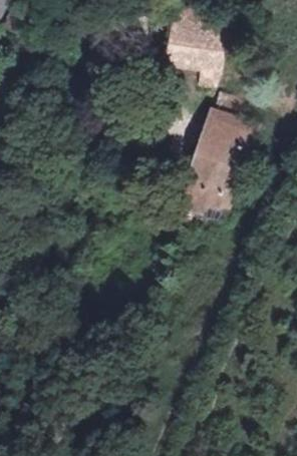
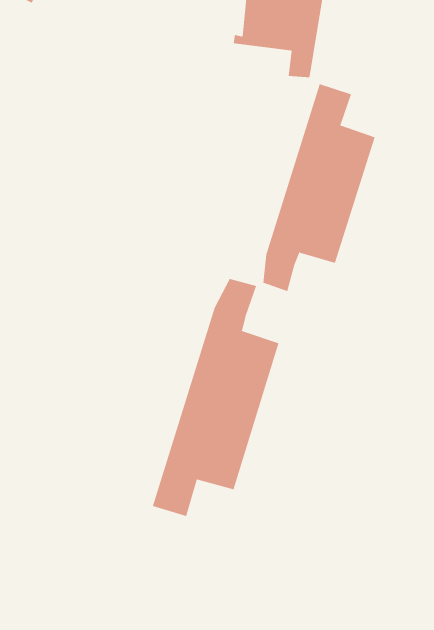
building: none -> [152,278,279,517]

